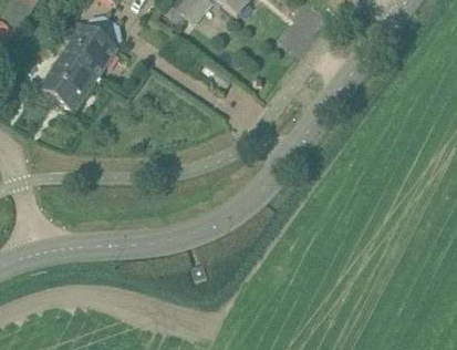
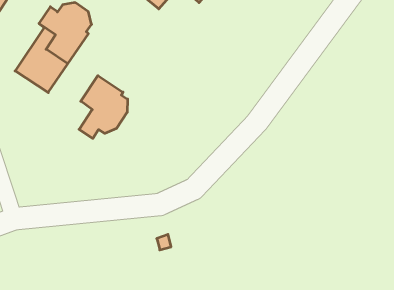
building: none -> [79,76,128,138]

